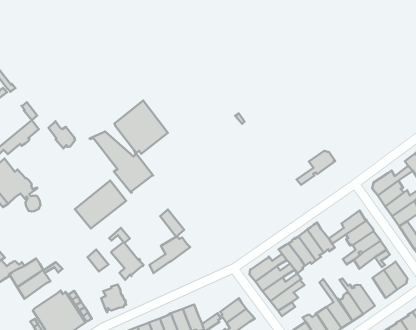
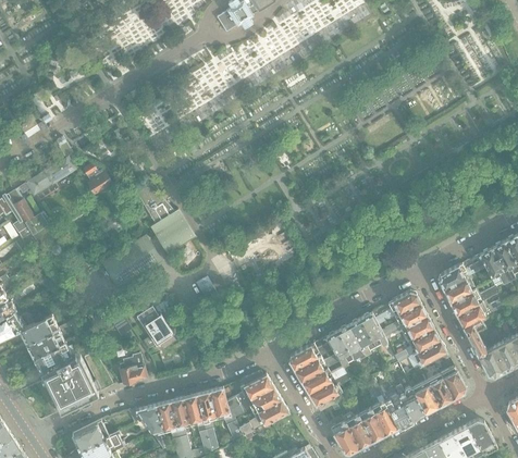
building: [114,100,168,154] -> none
building: [296,151,335,185] -> [374,292,420,326]
building: [149,236,190,273] -> [225,372,273,410]
building: none -> [411,382,437,413]
building: none -> [33,342,71,372]

